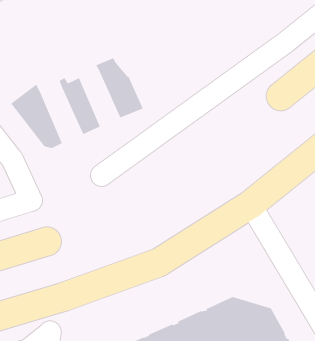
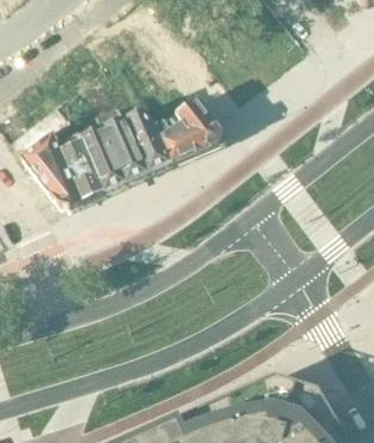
building: none -> [161,105,227,170]
building: none -> [97,115,150,190]
building: none -> [61,147,108,210]

